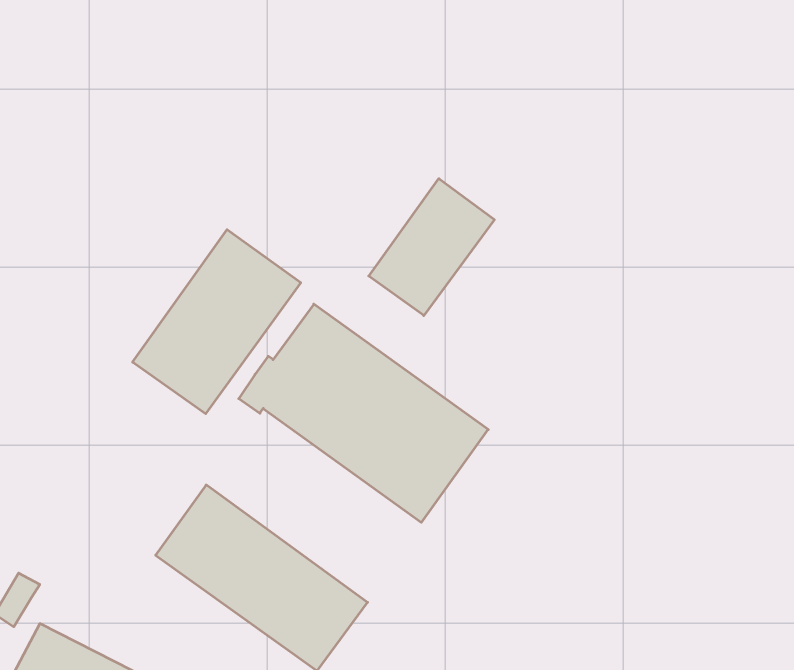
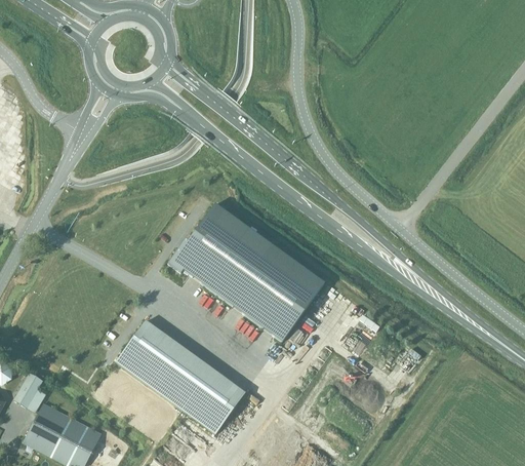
building: [369,179,494,316] -> none
building: [133,230,301,414] -> none

